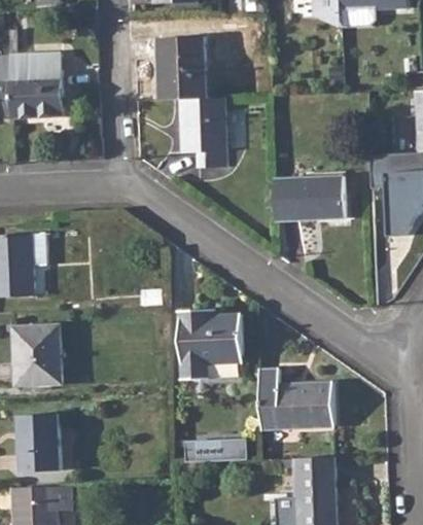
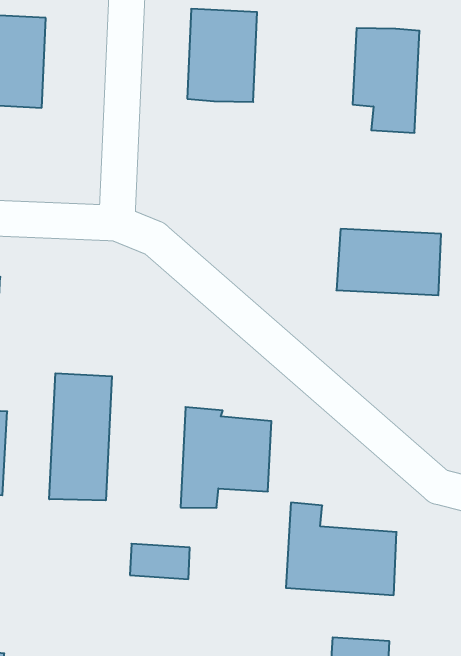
building: [179,98,225,169] -> [353,28,420,133]
building: none -> [49,373,112,500]
building: [190,440,232,462] -> [130,544,190,579]

